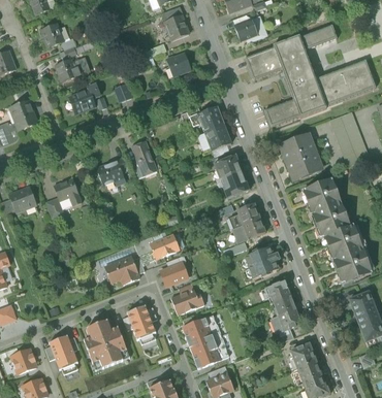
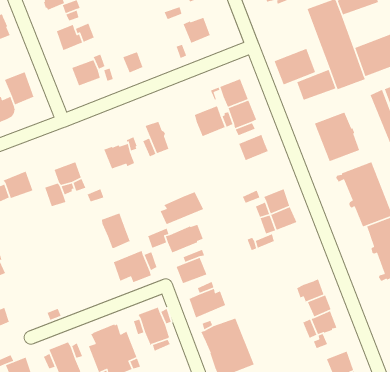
building: [246,46,283,79] -> [274,48,316,86]
building: [221,170,249,198] -> [194,105,226,137]
building: none -> [160,191,204,225]
building: none -> [100,212,131,249]
building: [245,246,280,278] -> none

